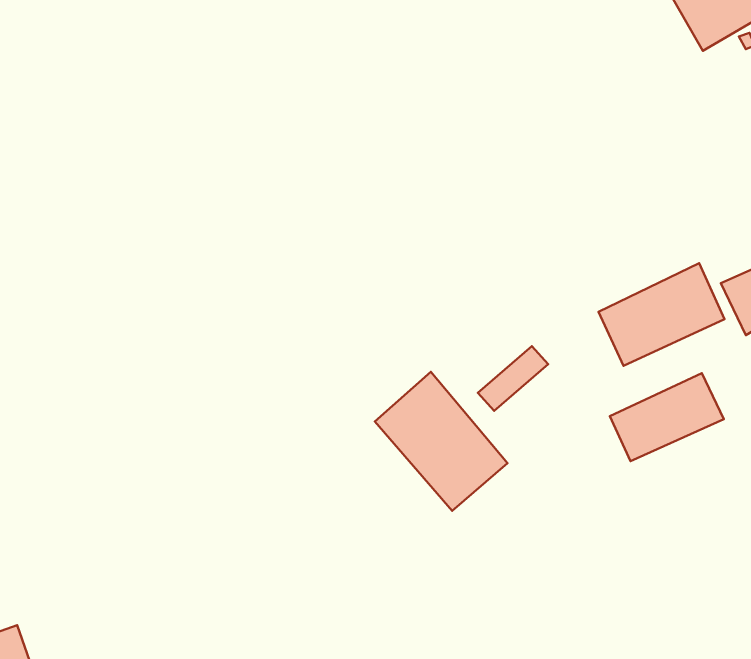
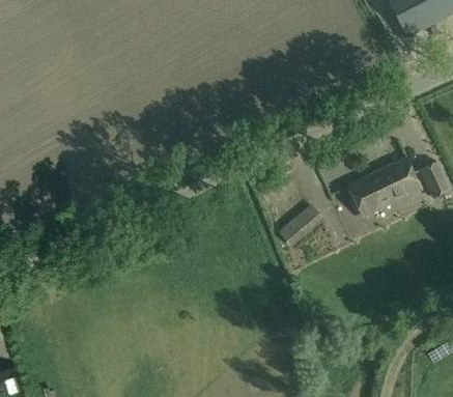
building: [375,372,507,511] -> none
building: [610,373,724,461] -> none

